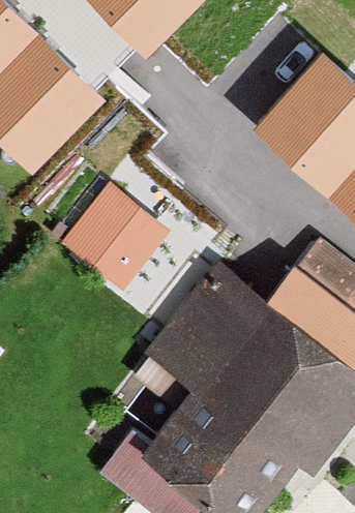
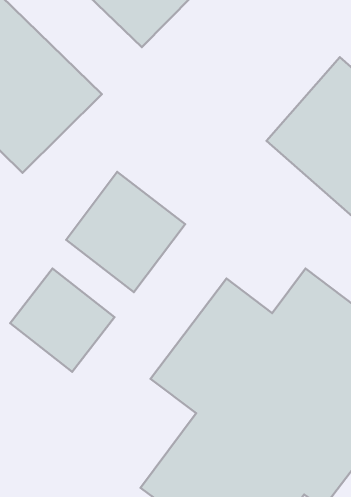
building: none -> [10,268,115,372]

